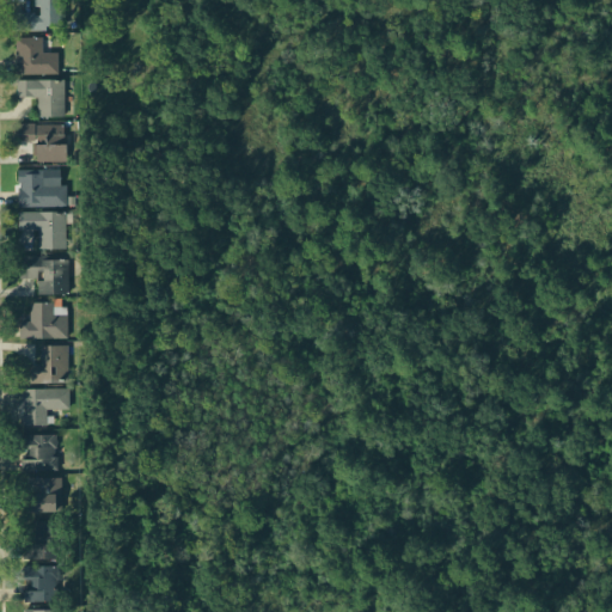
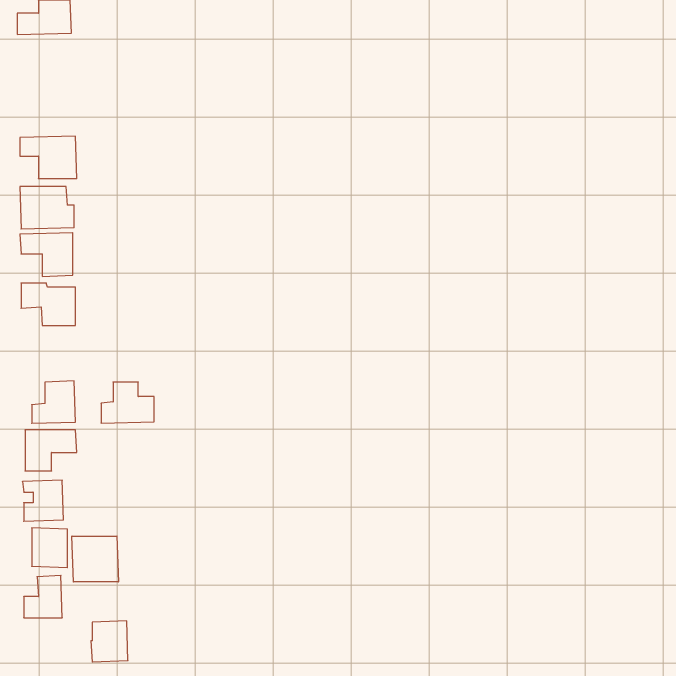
building: [16,37,59,74] -> none
building: [17,79,65,117] -> none
building: [19,302,67,339] -> [101,382,154,423]
building: none -> [72,536,118,582]
building: [24,565,57,602] -> [91,621,128,662]

